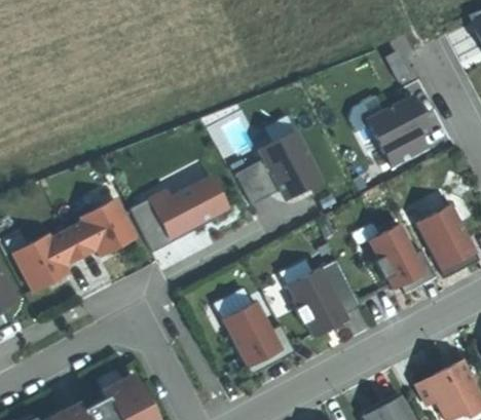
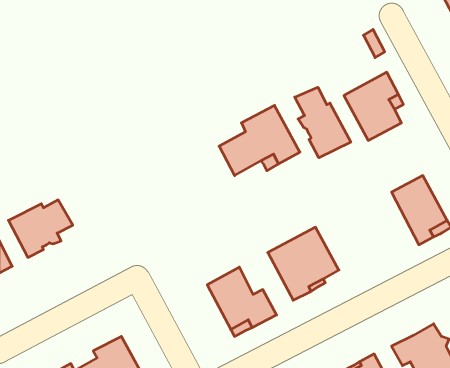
building: none -> [295,87,351,158]
building: [131,176,227,251] -> none
building: [65,198,135,257] -> none
building: [368,224,435,291] -> none

